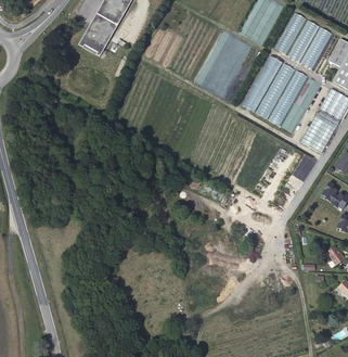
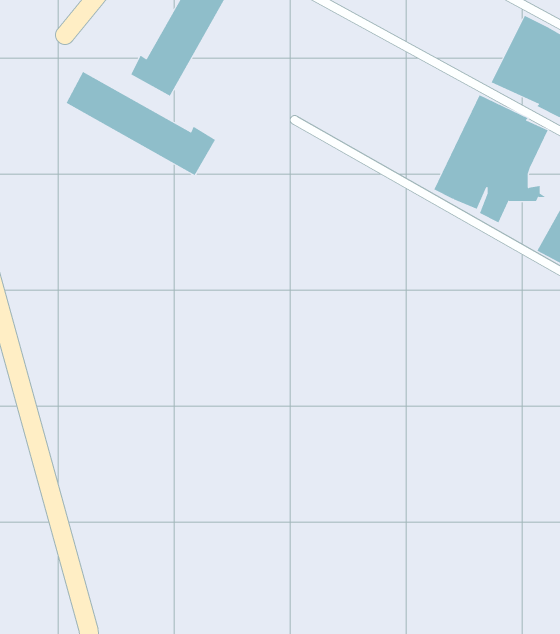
building: none -> [66,71,216,176]

